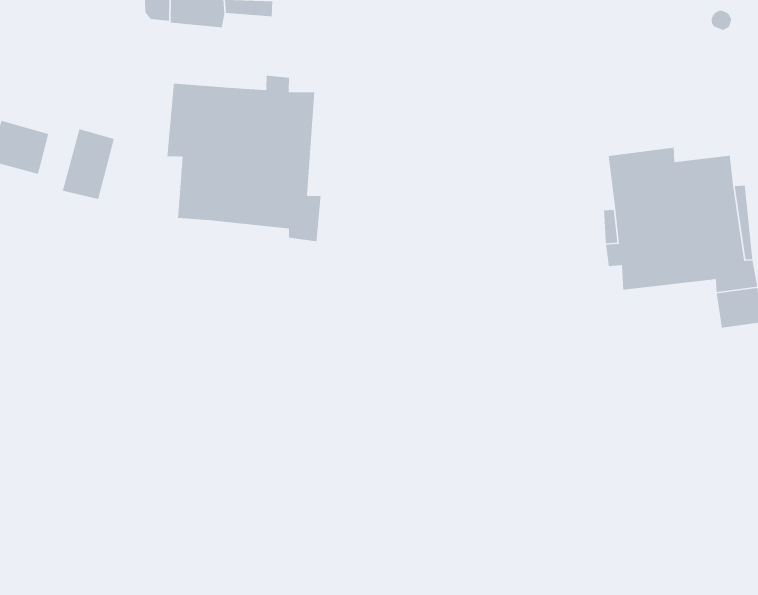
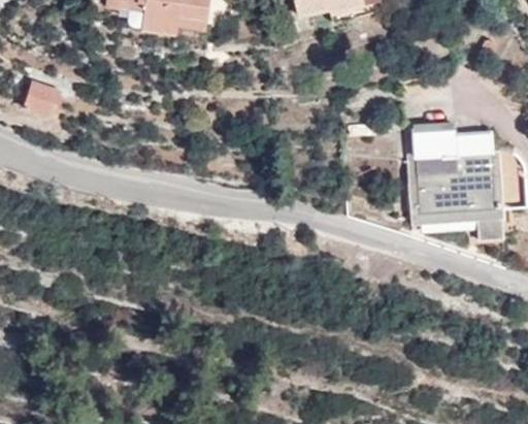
building: [166,75,322,242] -> none
building: [62,128,115,200] -> none

